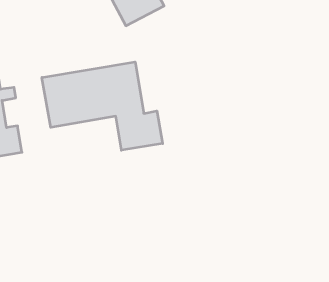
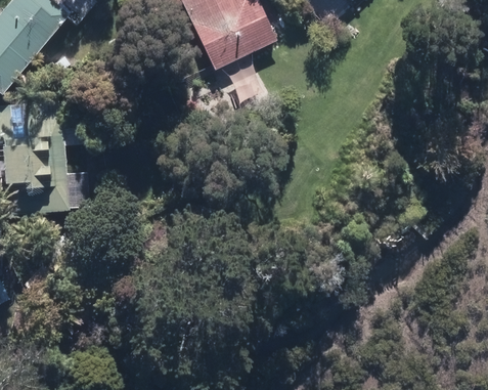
building: [42,62,163,150] -> none

